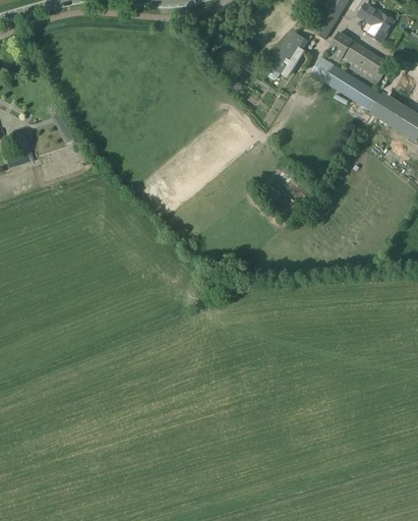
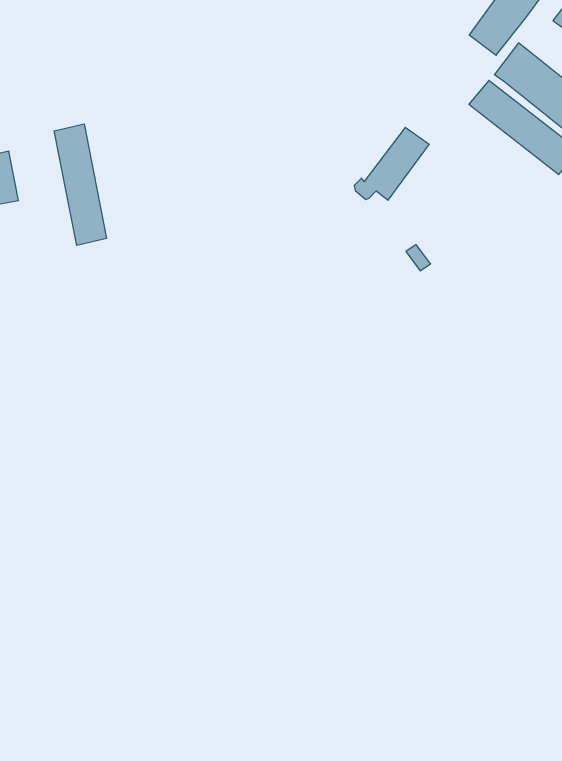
building: [264,31,309,78] -> [354,128,429,200]
building: none -> [54,124,106,245]

